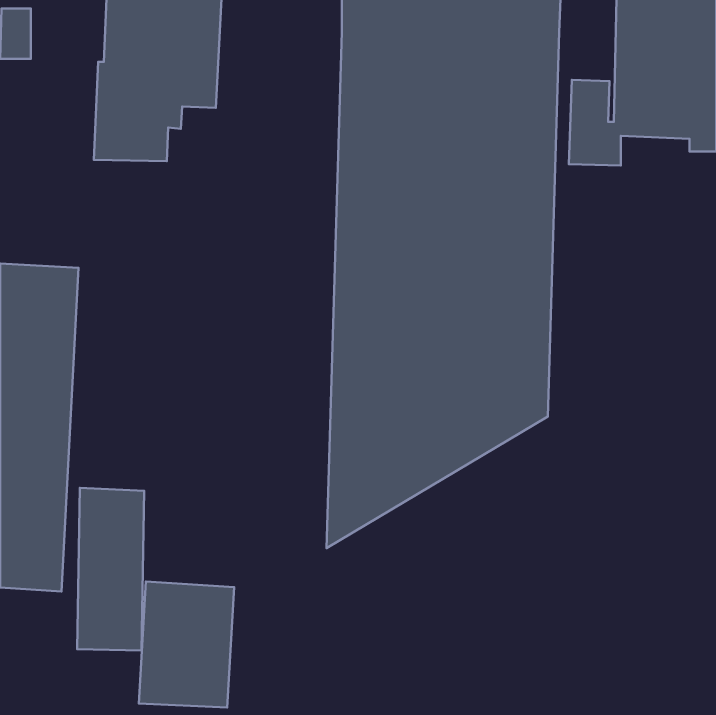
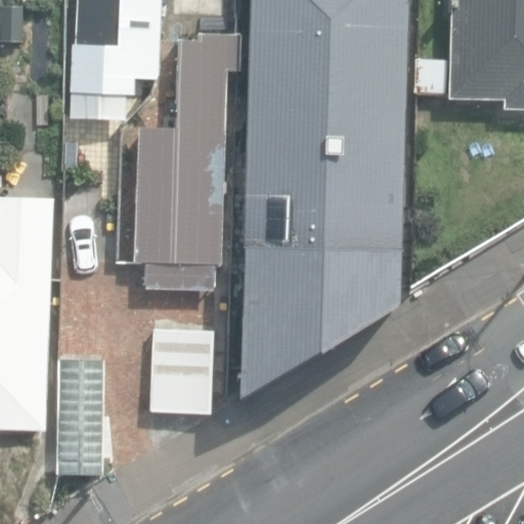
building: none -> [134,33,238,291]
building: [139,581,234,708] -> [148,325,218,418]

